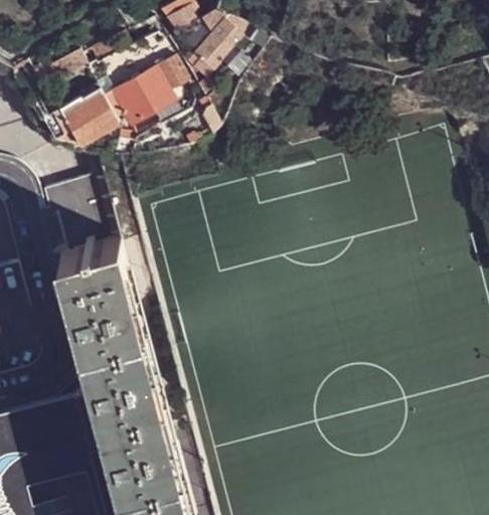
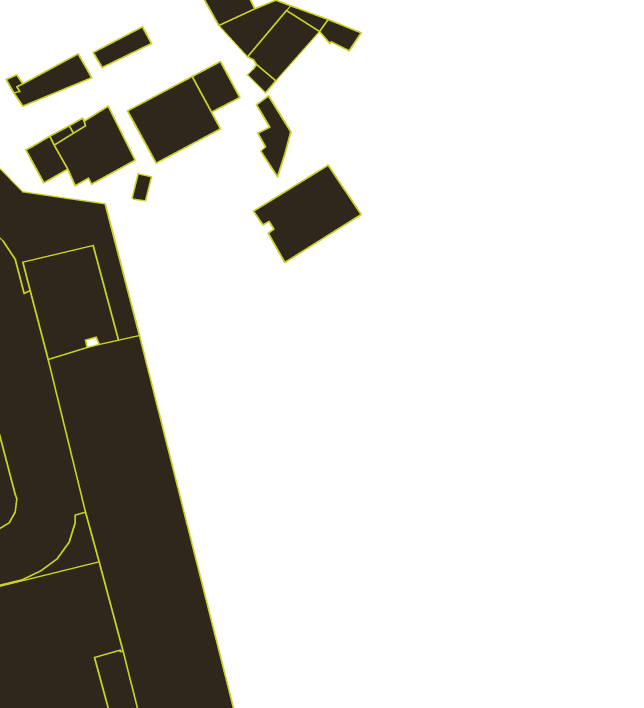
building: none -> [254,165,361,262]

